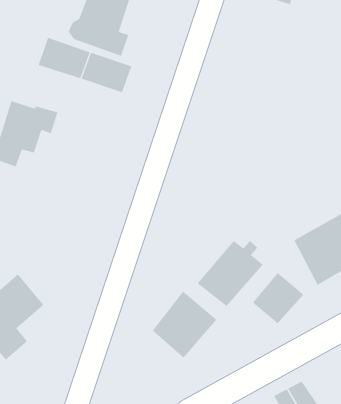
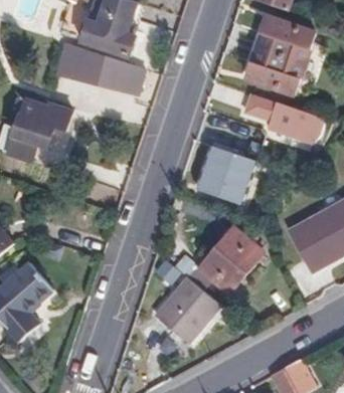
building: none -> [245,17,314,95]
building: none -> [243,94,322,143]
building: none -> [199,137,256,195]
building: [252,272,304,324] -> none

